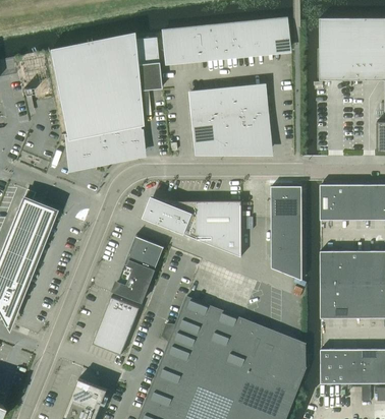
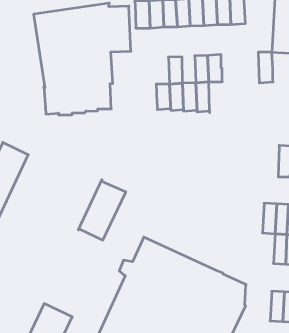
building: [219,89,236,121] -> none
building: [188,93,207,124] -> none
building: [251,117,269,153] -> [258,52,273,83]
building: [320,185,335,221] -> none
building: [271,187,303,281] -> none
building: [143,196,241,257] -> none
building: [321,285,335,318] -> none
building: [93,296,140,355] -> none
building: [321,350,335,383] -> none

